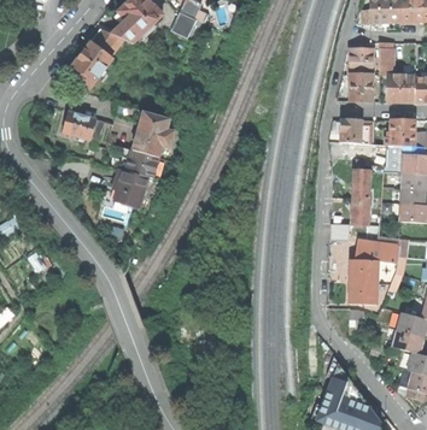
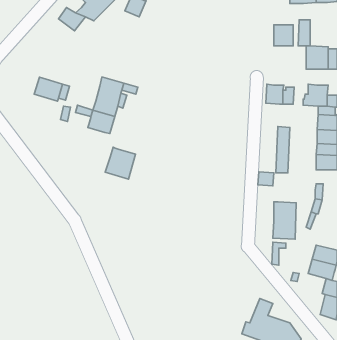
building: [72,40,115,88] -> none
building: [350,72,373,100] -> none
building: [111,167,147,206] -> [105,147,135,179]
building: [355,240,396,263] -> none

